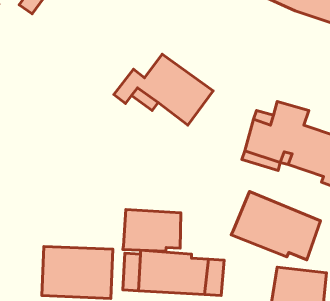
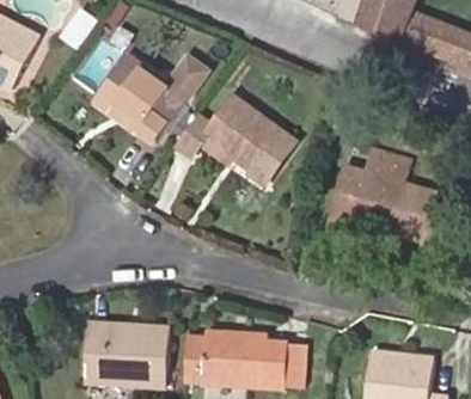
building: none -> [92,50,210,141]
building: [231,192,321,260] -> none
building: [123,209,181,251] -> none

